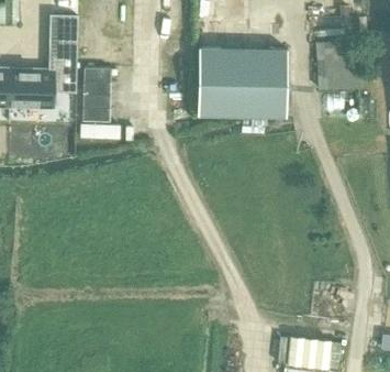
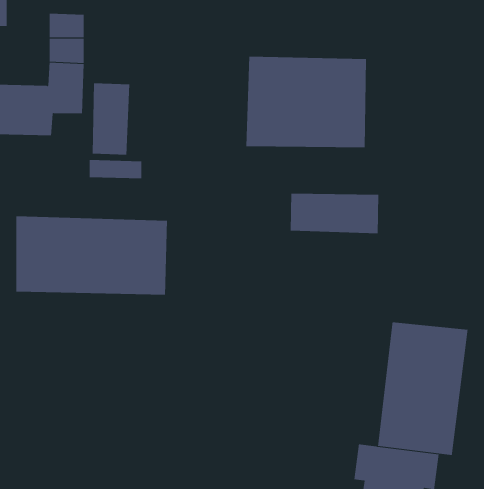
building: none -> [290,193,379,234]
building: none -> [16,216,168,296]
building: none -> [377,321,468,456]

